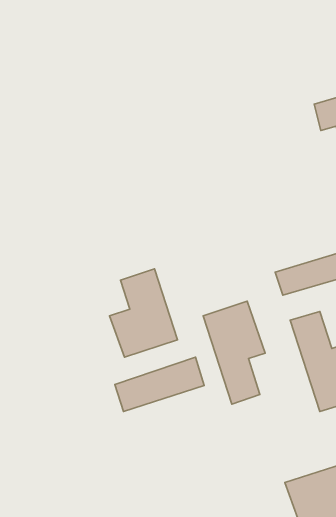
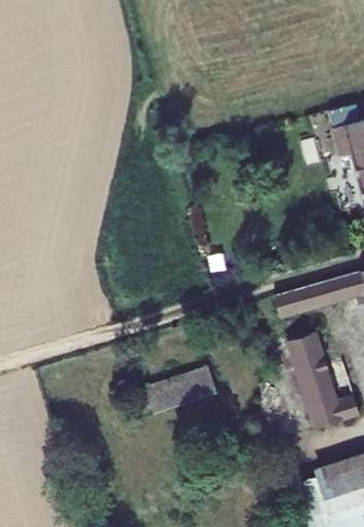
building: [110,269,177,357] -> none
building: [203,301,265,404] -> none

